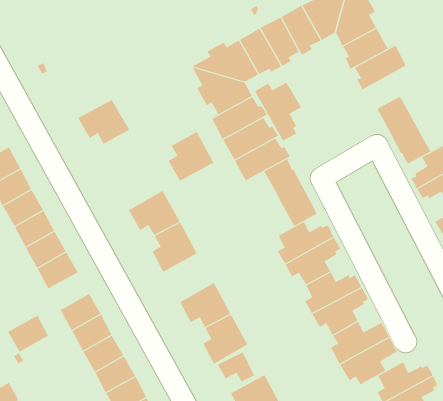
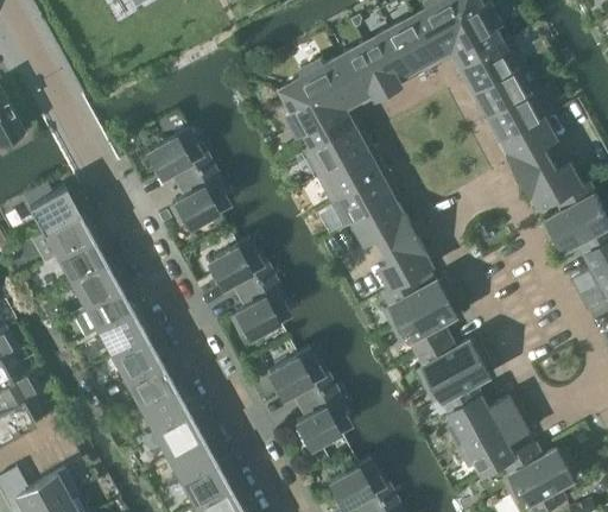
building: none -> [487,89,555,143]
building: [254,82,302,141] -> none
building: [168,131,214,182] -> [173,166,229,227]
building: [7,315,49,353] -> [110,337,160,383]

